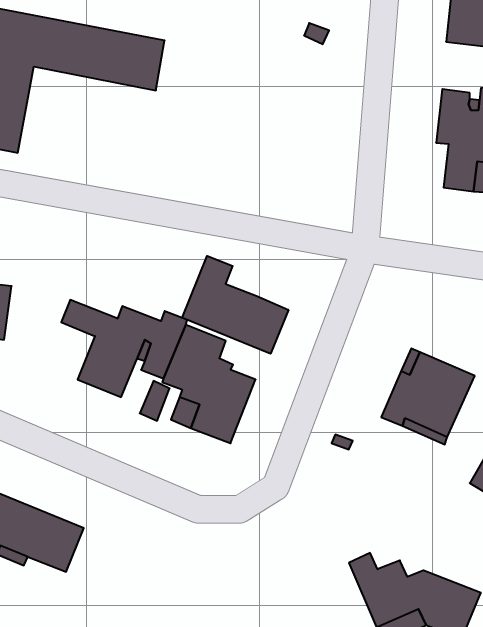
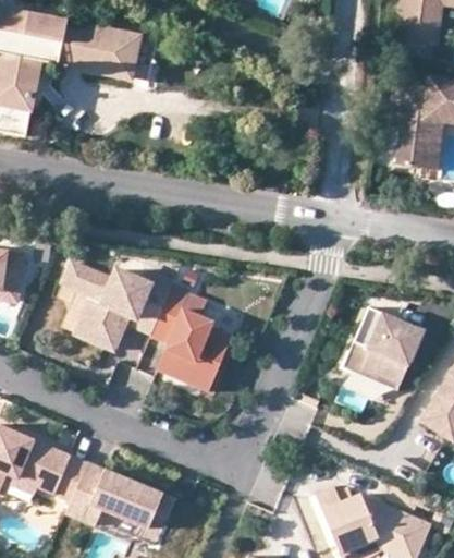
building: [182,256,288,354] -> none
building: none -> [63,463,172,527]

